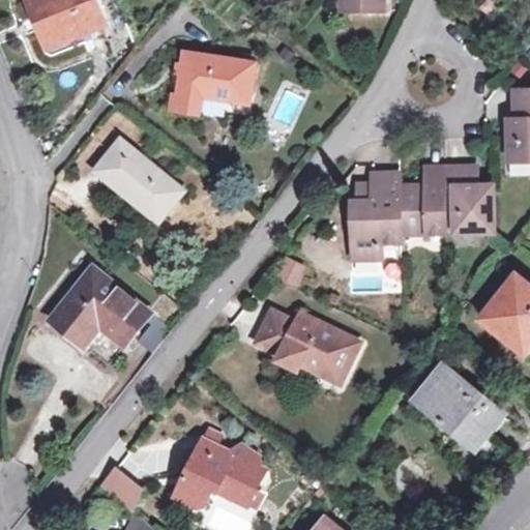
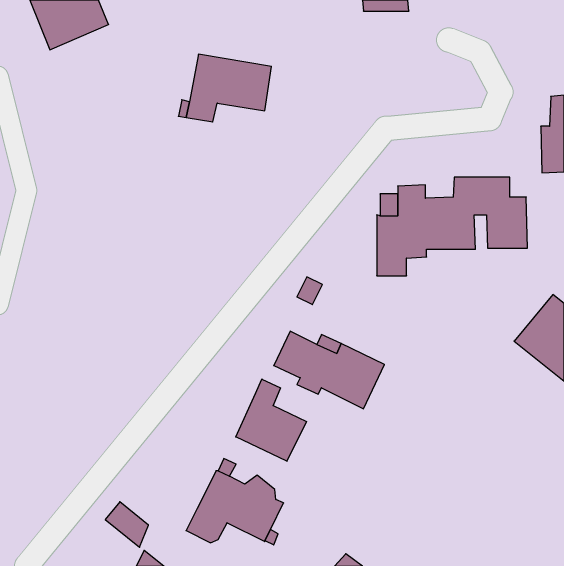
building: [94,140,182,222] -> none
building: [51,269,149,346] -> none
building: none -> [236,379,306,461]
building: [413,363,504,449] -> none

